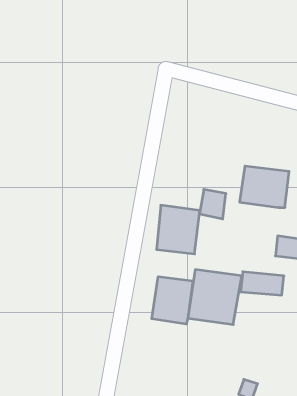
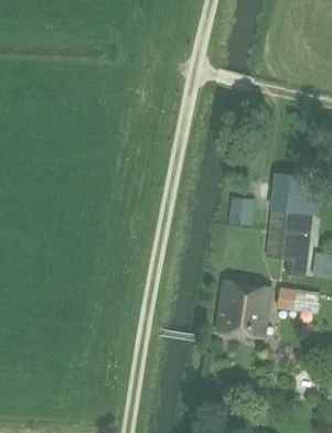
building: [157,205,200,254] -> [265,212,310,262]
building: [152,277,193,324] -> none

